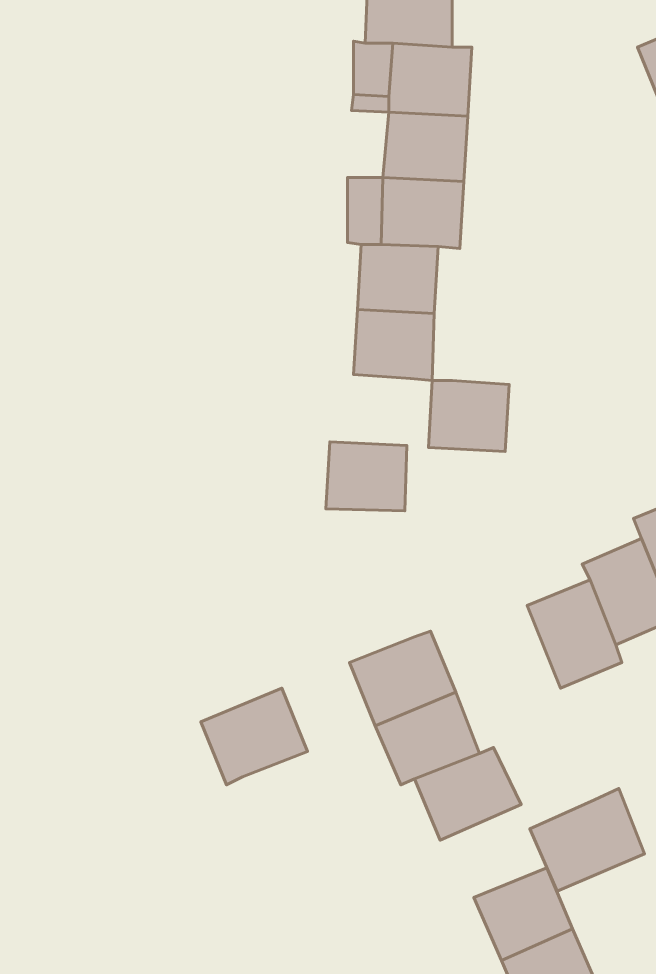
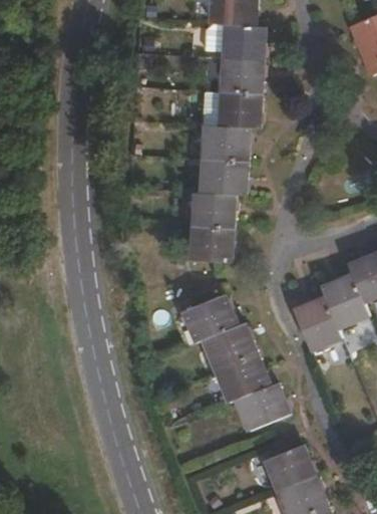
building: [428,381,509,452] -> [194,193,235,229]
building: [201,688,307,785] -> [182,294,237,343]
building: [530,788,645,891] -> none

